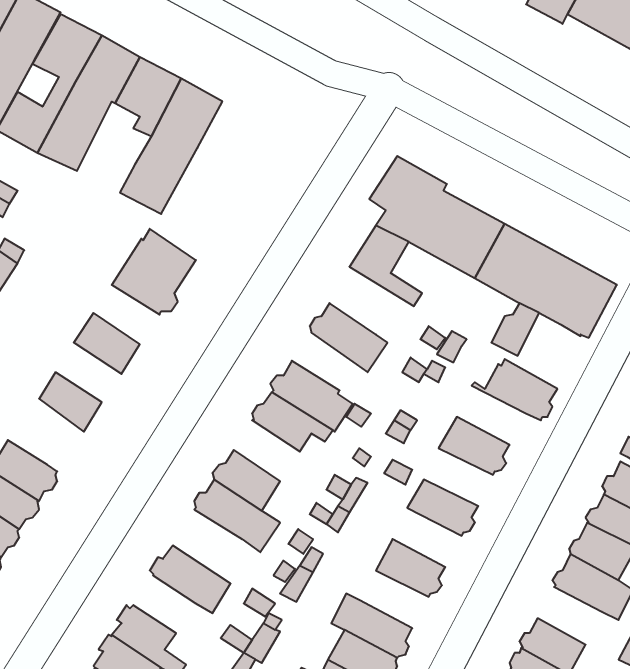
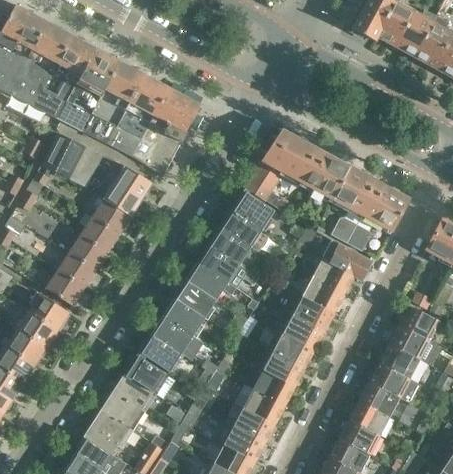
building: none -> [132,88,201,172]
building: none -> [81,113,116,143]
building: none -> [42,132,103,187]
building: none -> [233,192,275,229]
building: none -> [91,199,131,235]
building: none -> [348,216,374,251]
building: none -> [210,228,250,263]
building: none -> [68,234,108,270]
building: none -> [303,251,353,296]
building: none -> [45,268,85,306]
building: none -> [175,281,216,318]
building: none -> [291,298,333,333]
building: none -> [272,334,314,370]
building: none -> [140,335,181,372]
building: none -> [252,372,294,407]
building: none -> [113,375,153,410]
building: none -> [359,382,399,417]

